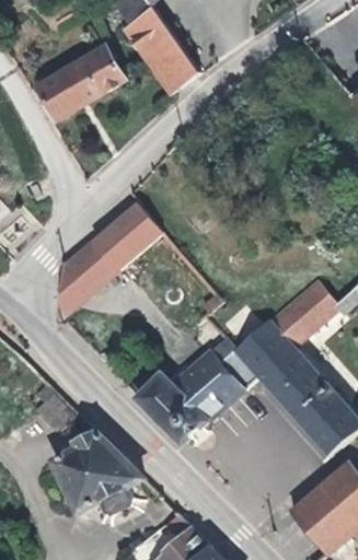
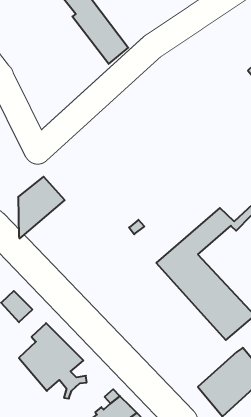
building: [45,51,125,119] -> none
building: [89,205,158,271] -> none
building: [135,339,253,439] -> none

